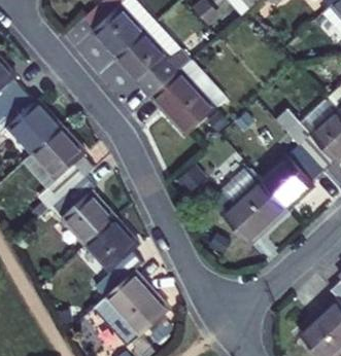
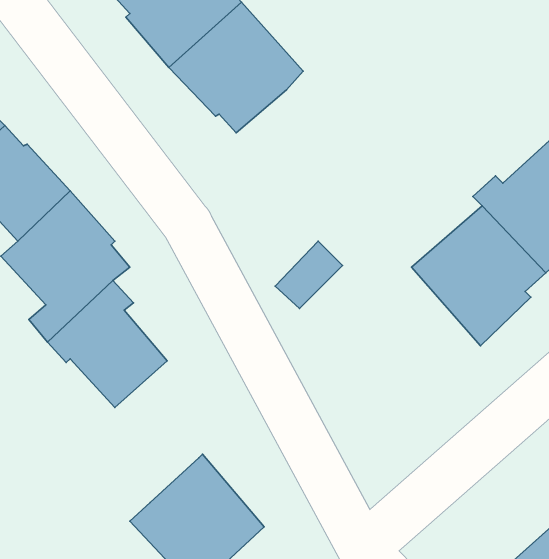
building: [151,71,215,135] -> none
building: [212,169,288,246] -> none
building: [87,220,139,298] -> none

